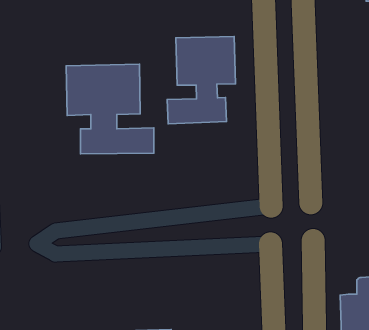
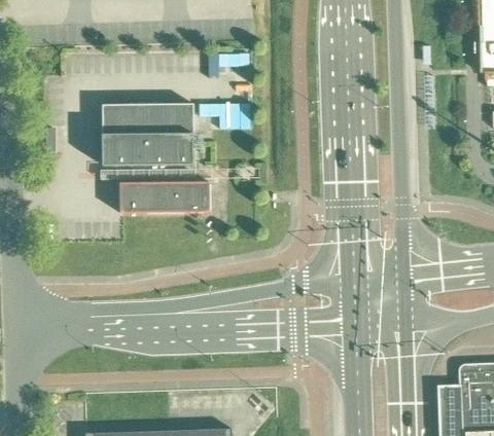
building: [167,36,236,124] -> none

